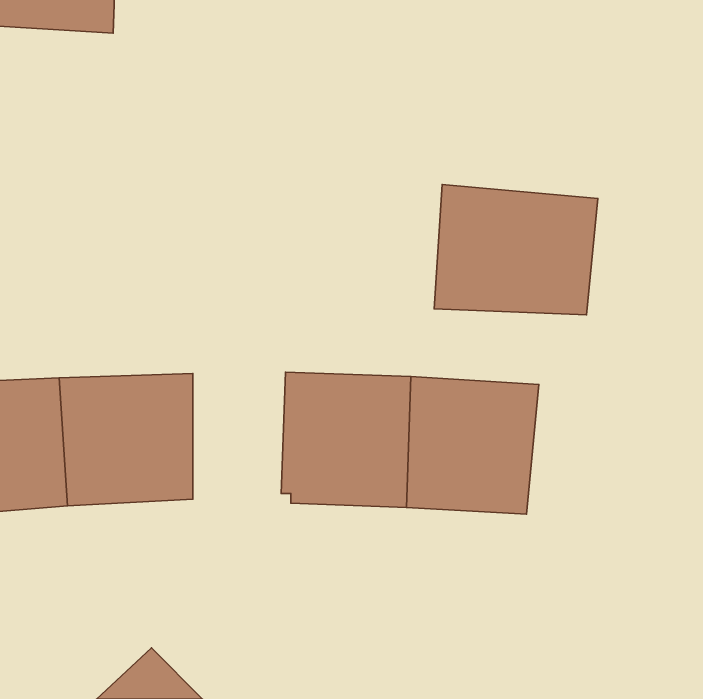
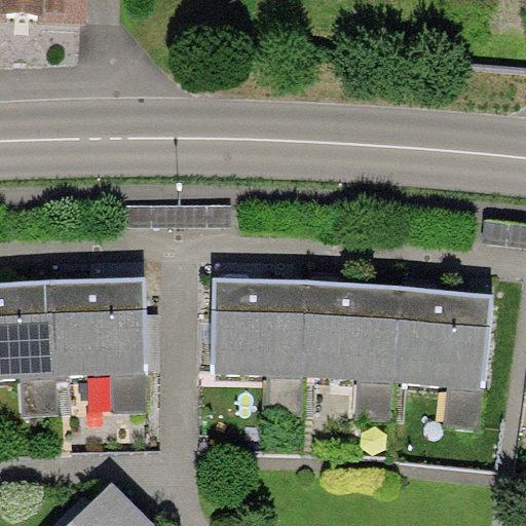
building: [434,184,598,315] -> none
building: none -> [392,287,492,389]

